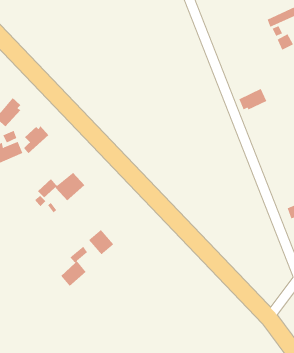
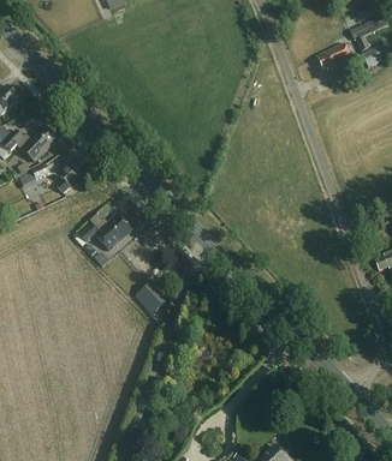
building: [238,88,267,110] -> [316,42,351,68]
building: [61,246,88,287] -> none

